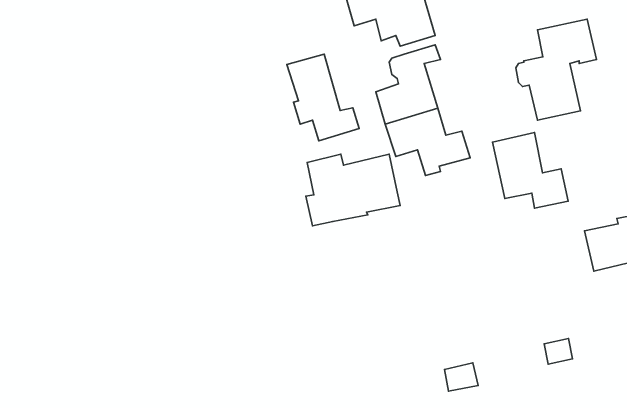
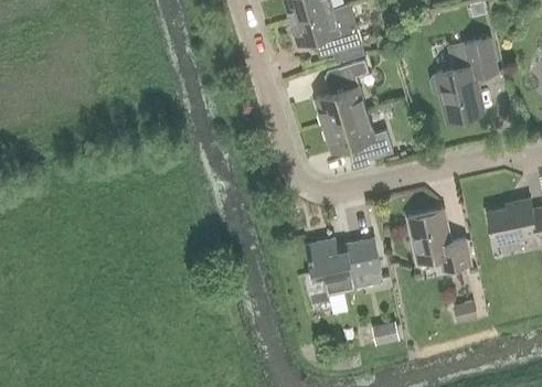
building: [287,54,359,141] -> none
building: [493,133,568,208] -> [408,208,470,270]
building: [306,154,400,226] -> [306,238,383,297]

